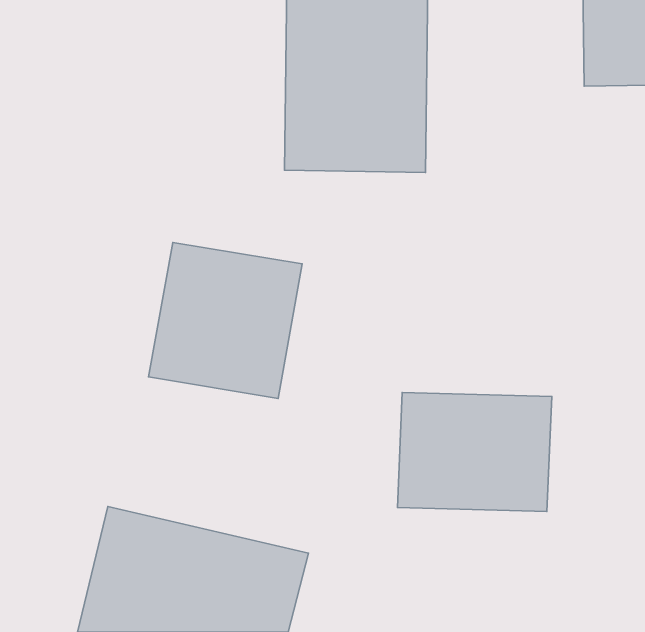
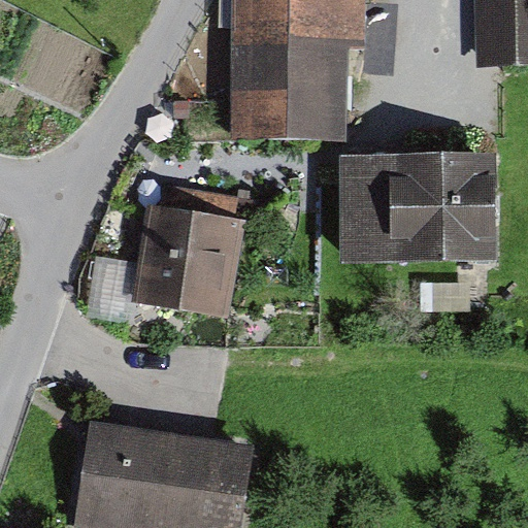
building: none -> [337,152,496,268]
building: [398,393,552,512] -> none

